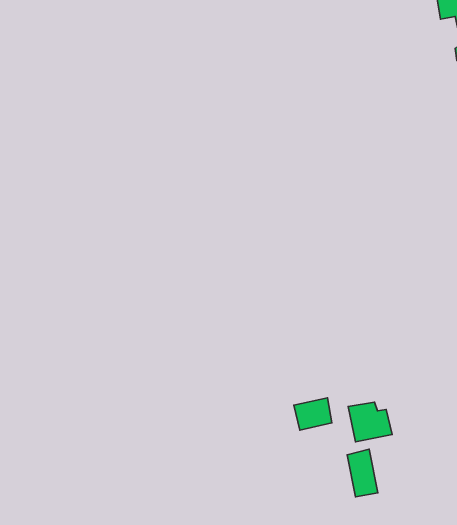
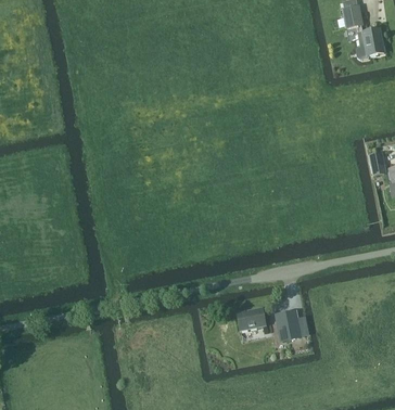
building: [347,449,378,497] -> none

